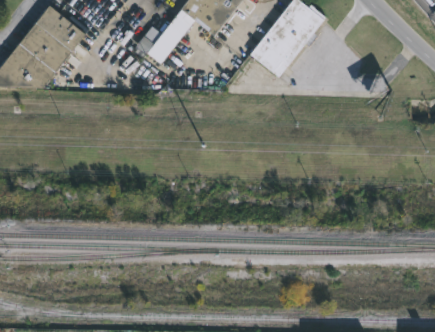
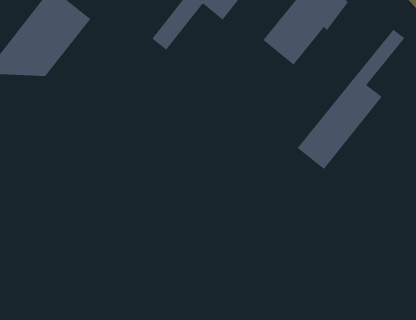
building: none -> [297,29,405,170]

